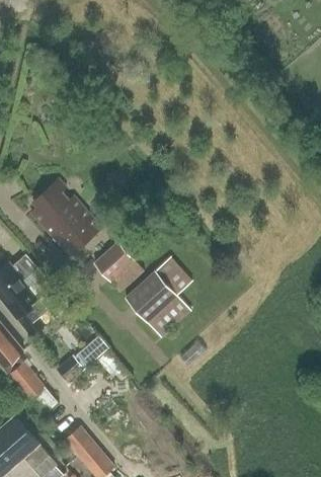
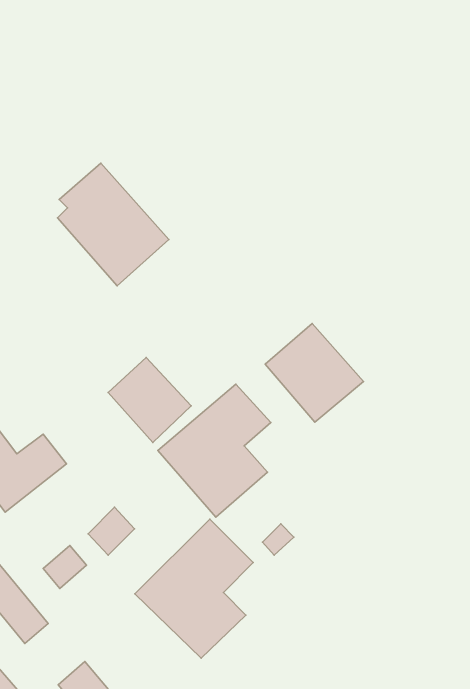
building: [32,179,100,254] -> [58,163,169,286]
building: none -> [265,323,364,422]
building: none -> [135,519,253,658]

